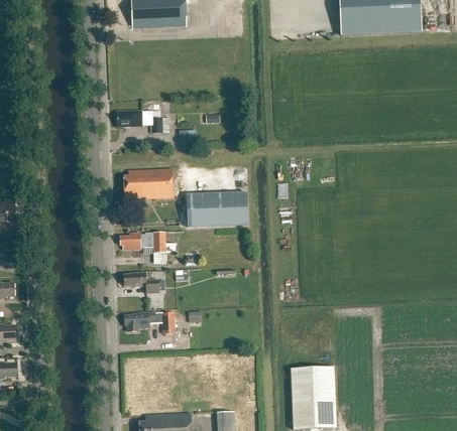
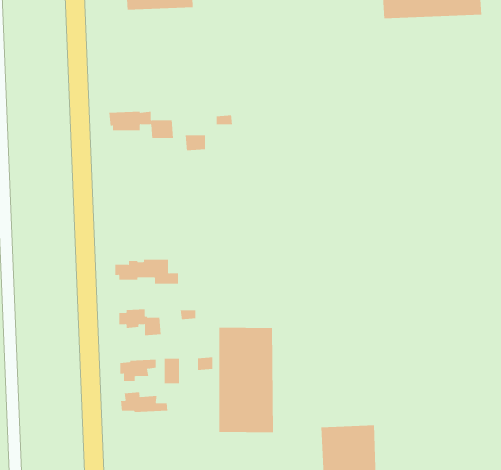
building: [124,169,174,198] -> none
building: [182,184,243,220] -> none
building: none -> [219,327,274,433]
building: none -> [120,392,168,413]

